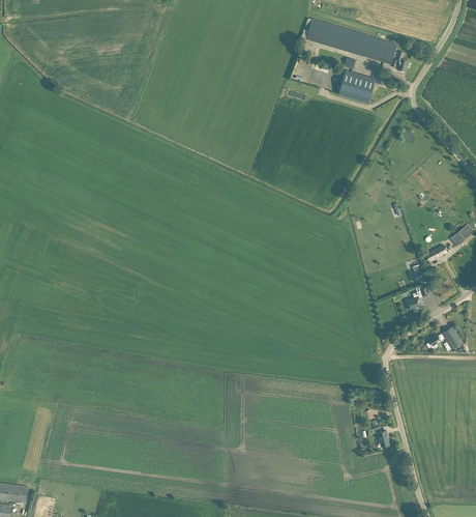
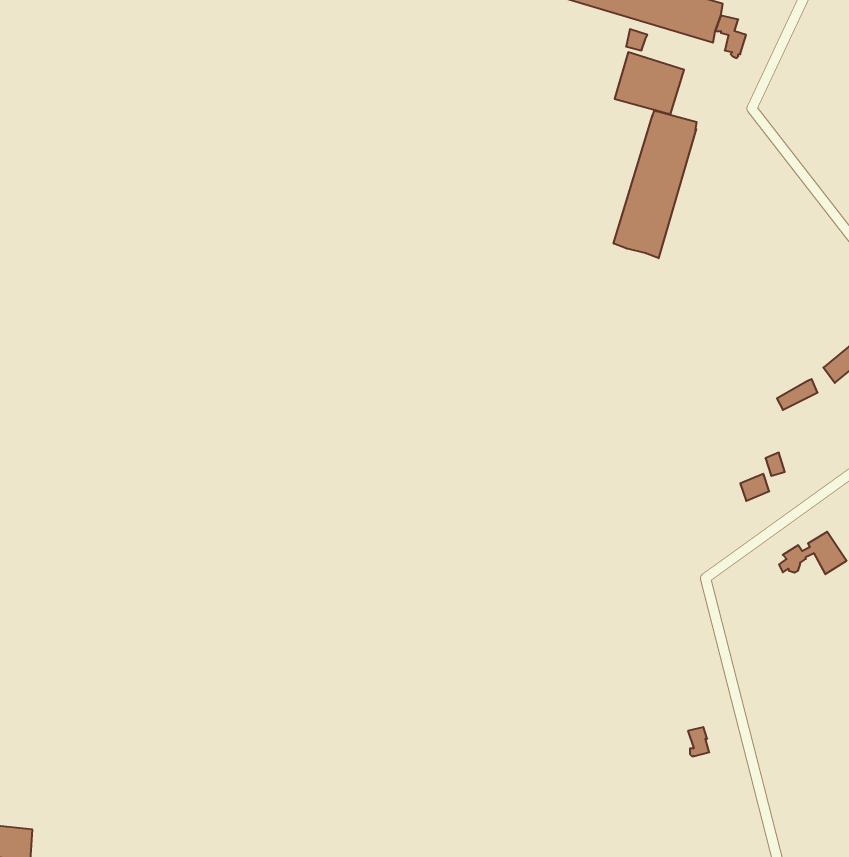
building: none -> [614,111,697,258]

